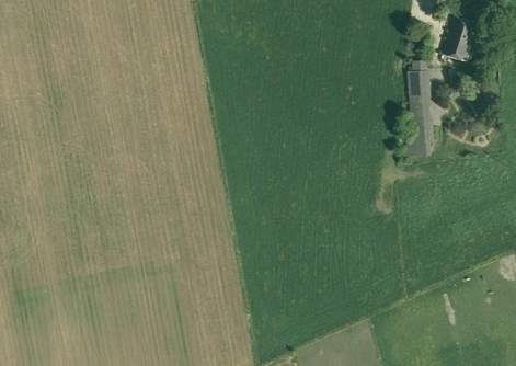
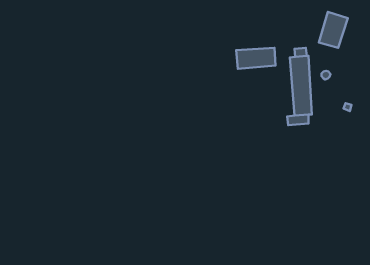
building: none -> [236,48,275,69]

